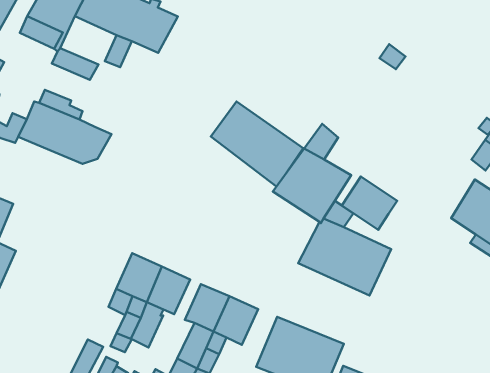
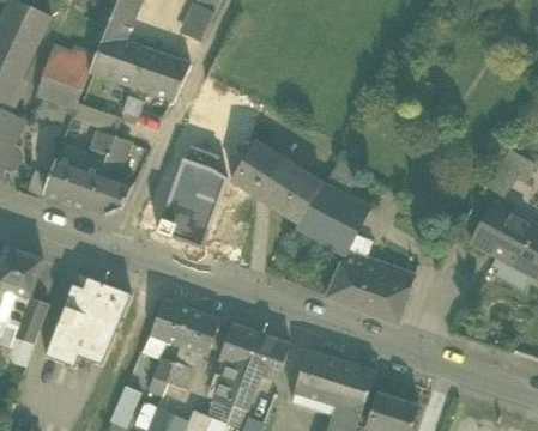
building: none -> [90,130,129,177]
building: none -> [156,145,230,248]
building: [342,177,397,230] -> none
building: none -> [44,272,131,366]

